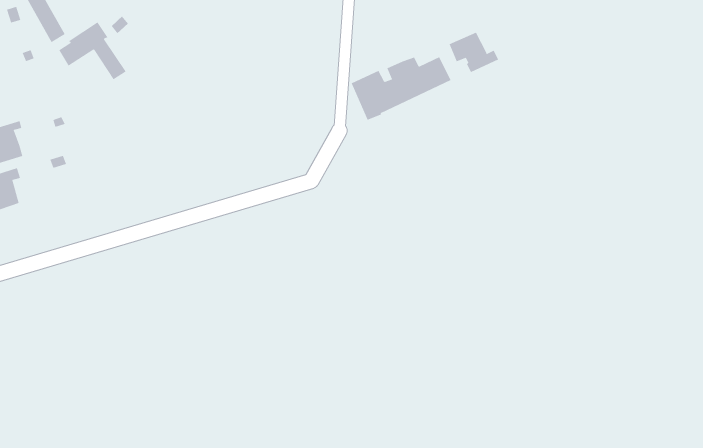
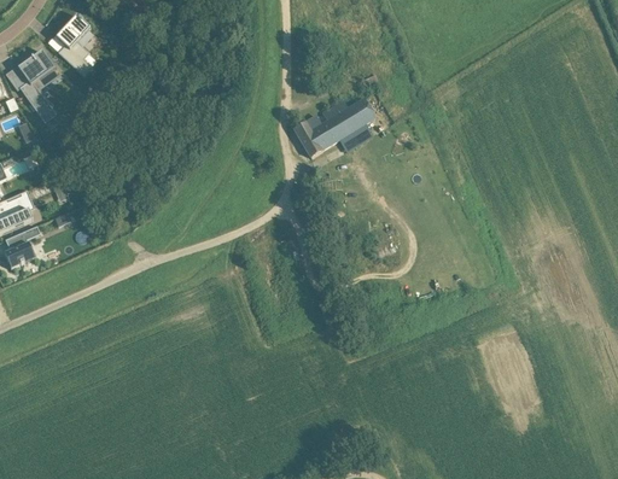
building: [59,22,127,80] -> none
building: [449,32,499,73] -> none

